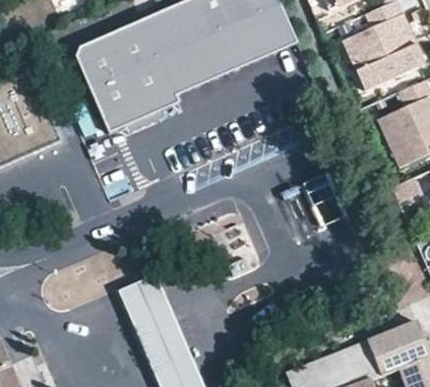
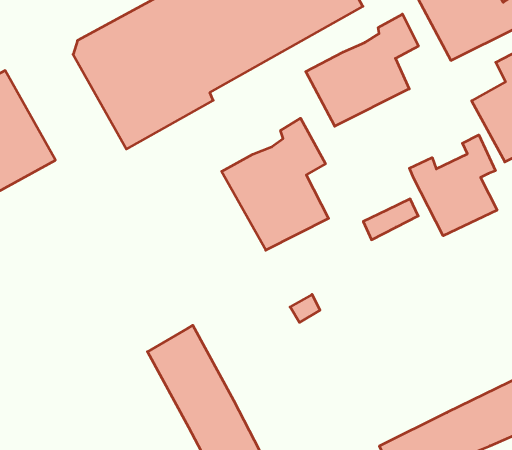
building: none -> [306,14,418,126]
building: none -> [222,118,329,250]
building: none -> [409,135,497,236]

